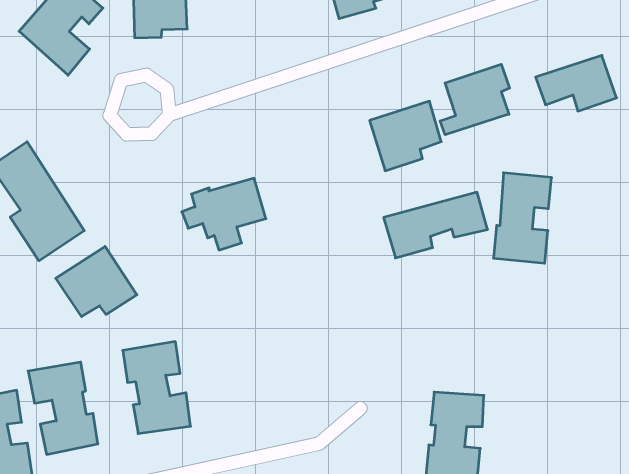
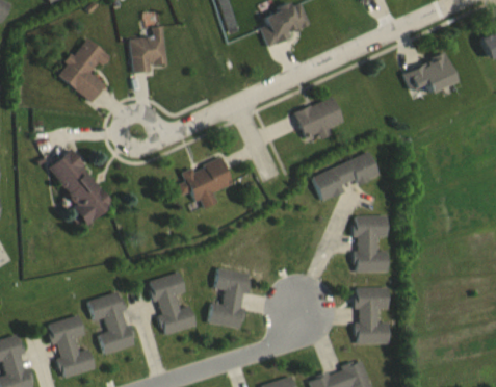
building: [440,64,510,135] -> none
building: [493,173,552,263] -> [355,215,389,273]
building: [56,246,137,317] -> none
building: none -> [208,267,252,329]

